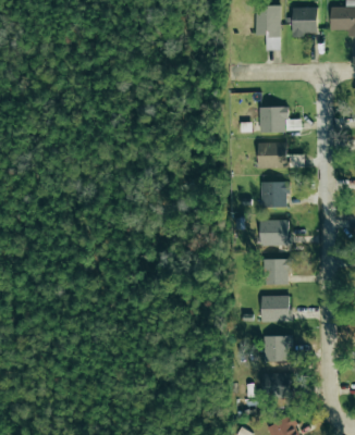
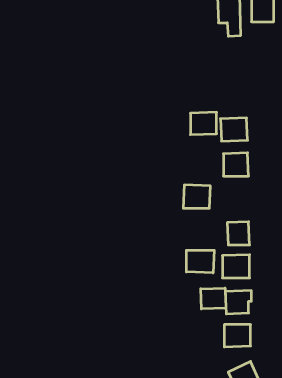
building: [260,107,290,132] -> [190,112,217,135]
building: [259,220,290,246] -> [183,185,210,208]
building: none -> [186,250,214,273]
building: none -> [201,288,226,309]

